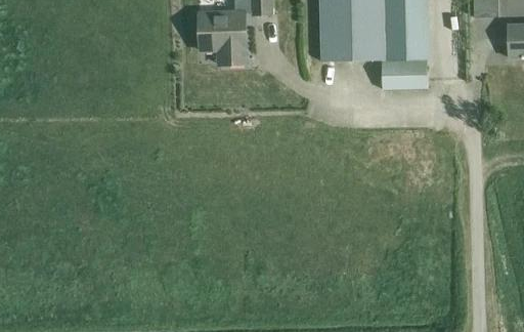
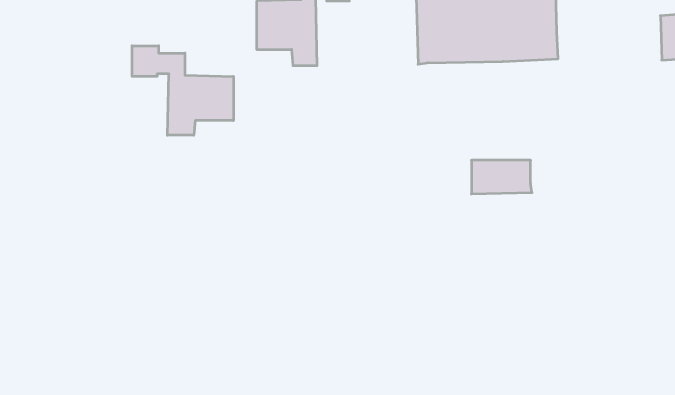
building: none -> [132,46,233,135]
building: [383,64,429,89] -> [471,160,532,194]

